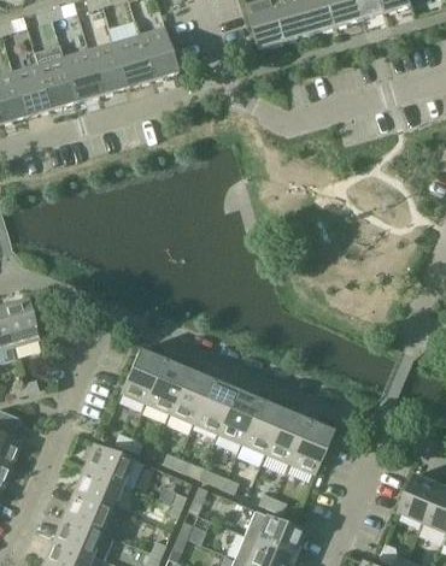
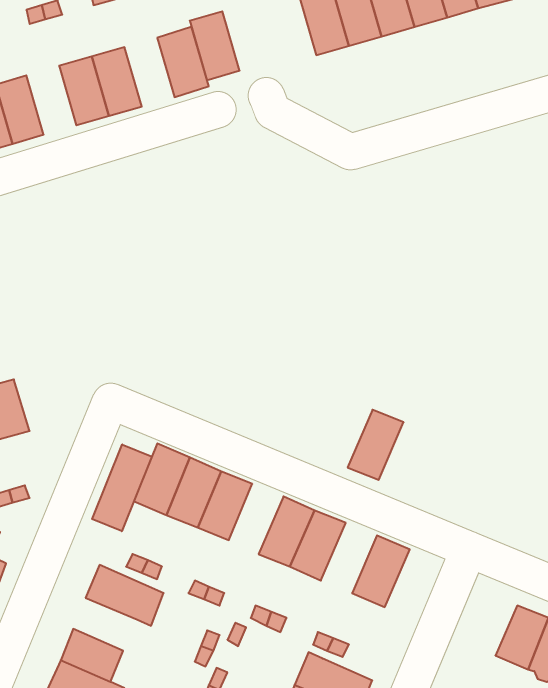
building: [112,35,151,88] -> [190,11,240,80]
building: [34,47,75,110] -> none
building: none -> [92,444,152,531]
building: [193,379,235,434] -> none
building: [264,409,307,464] -> [348,410,404,480]
building: [72,467,122,508] -> none

